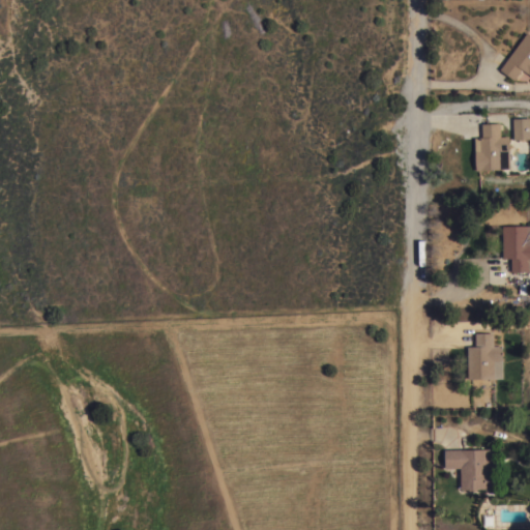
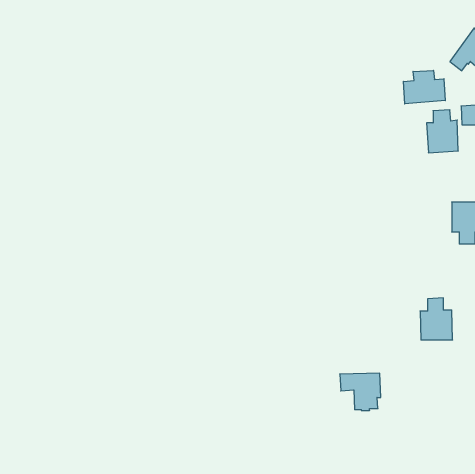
building: none -> [403,70,445,104]
building: [445,450,491,492] -> [340,373,381,410]

